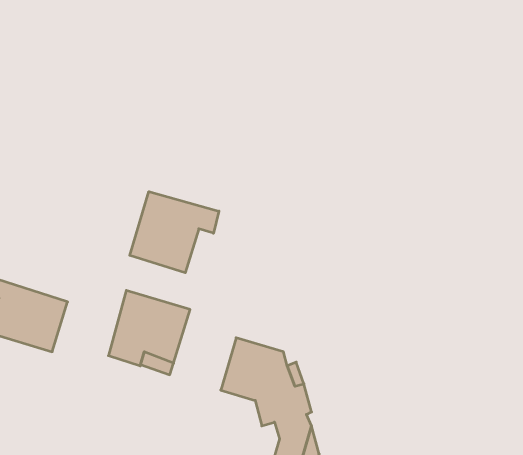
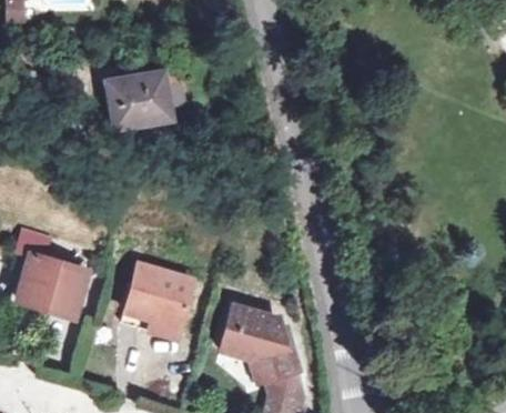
building: none -> [107,70,171,127]
building: [130,192,219,273] -> none

